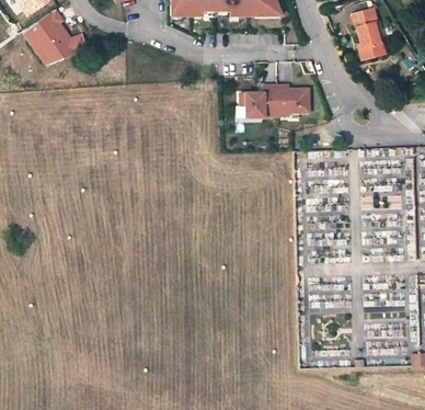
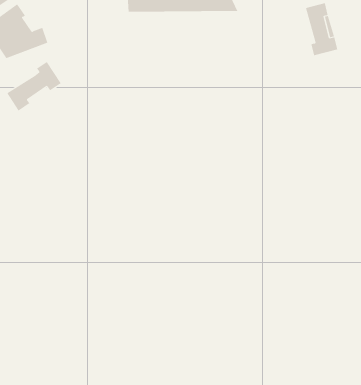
building: none -> [6,61,62,111]
building: [244,83,311,117] -> none

